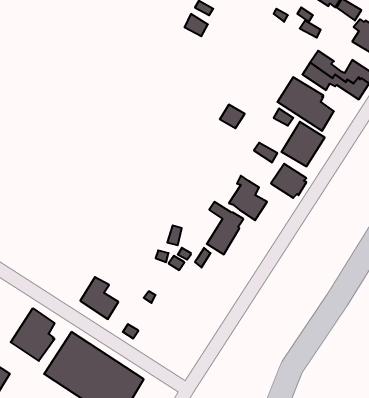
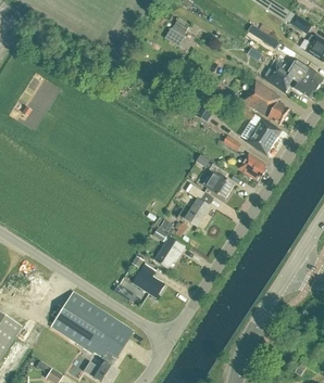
building: none -> [154,235,185,269]
building: [80,277,118,319] -> [133,263,164,297]
building: [11,308,55,361] -> none

